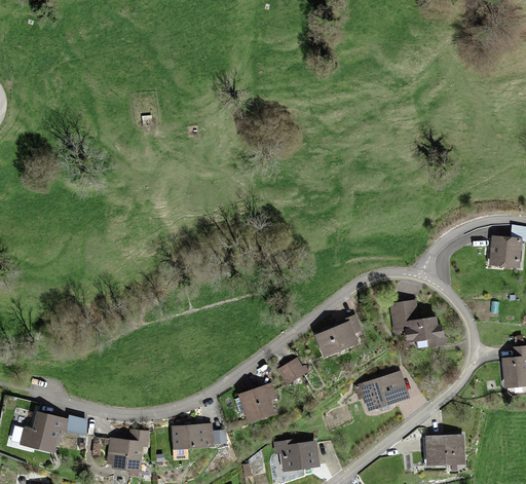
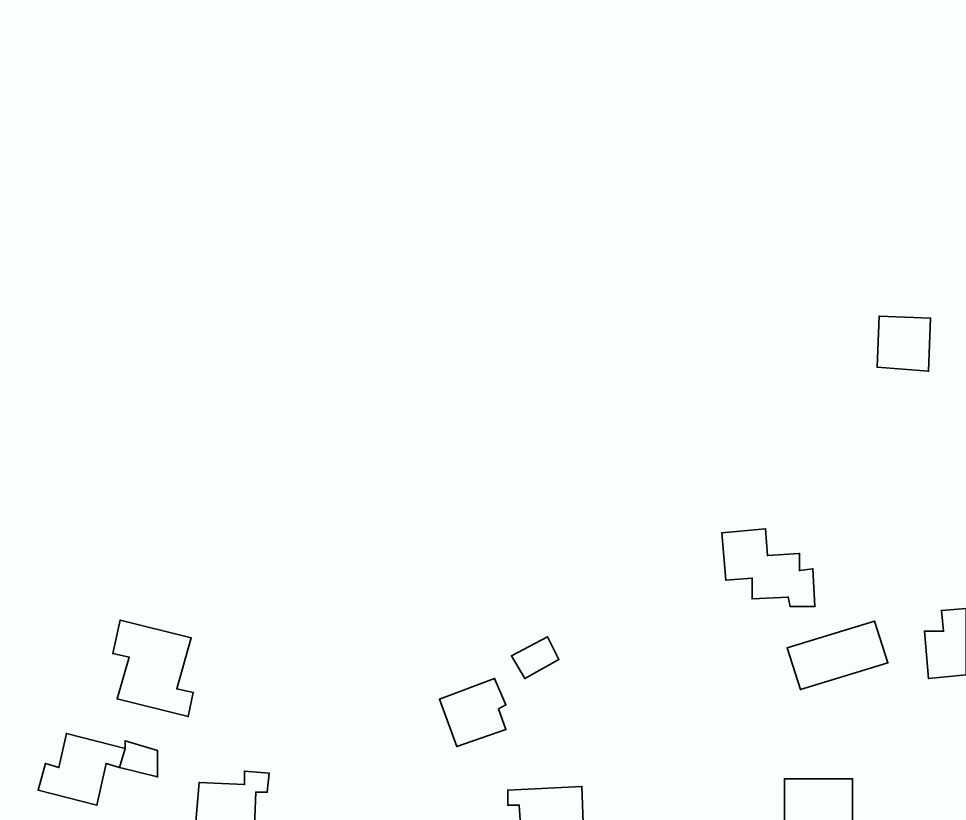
building: [491,236,520,266] -> [877,316,930,371]
building: [315,319,360,356] -> none
building: none -> [113,620,193,717]
building: [352,373,407,410] -> [787,621,888,689]
building: [173,424,213,447] -> none

